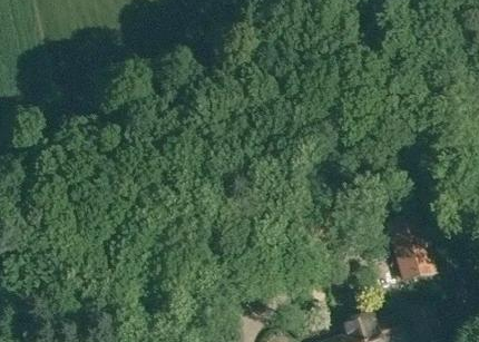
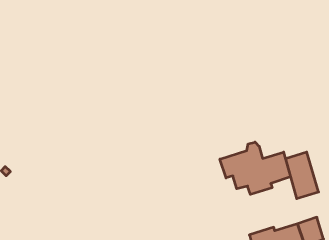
building: none -> [220,142,291,194]

